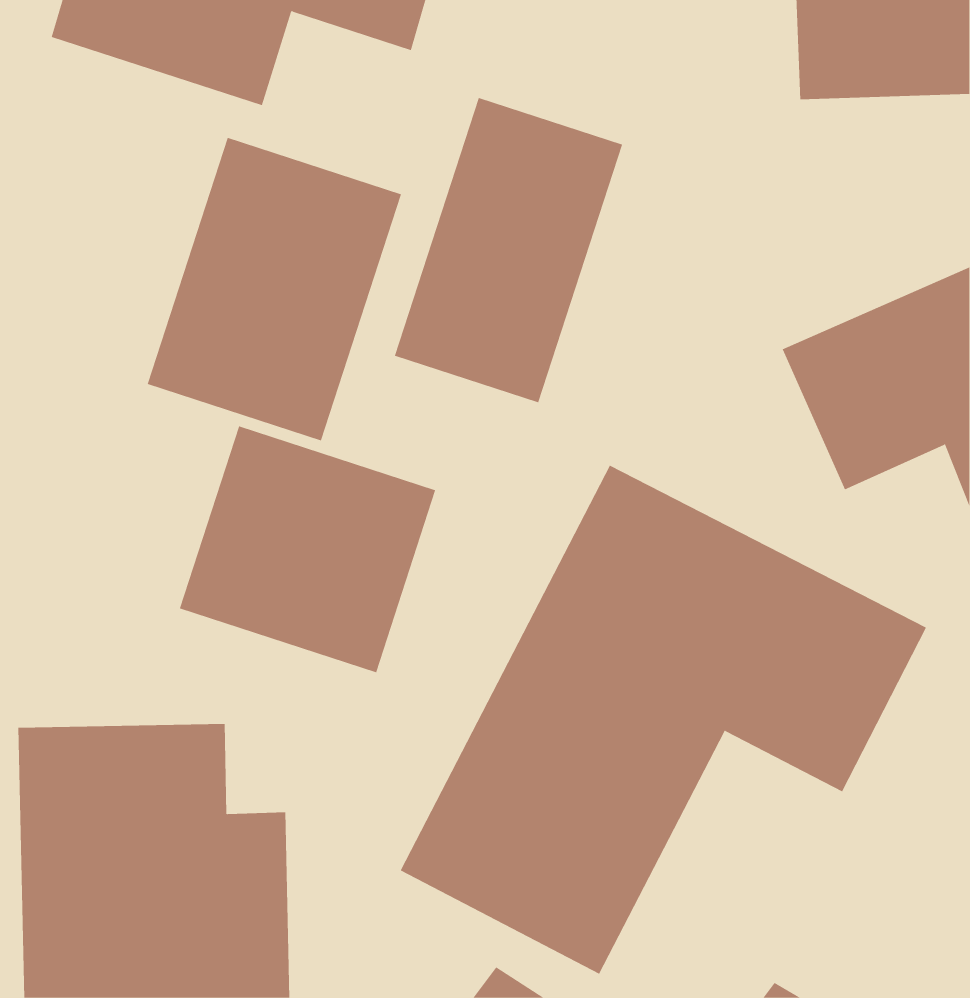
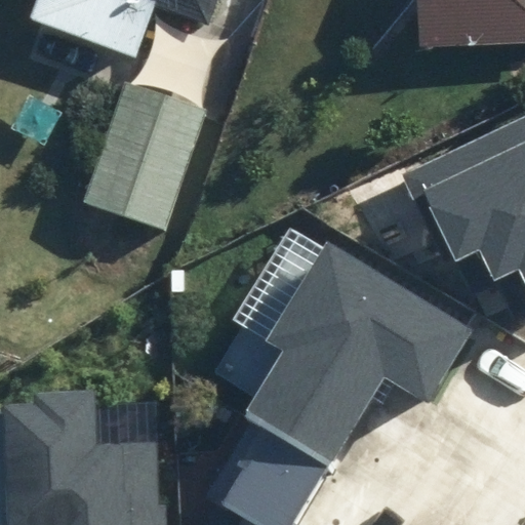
building: [394,97,623,403] -> none
building: [179,426,436,673] -> none

